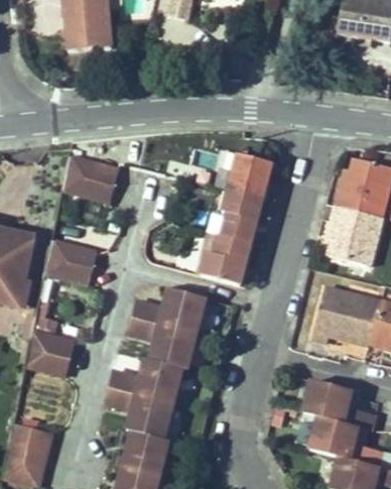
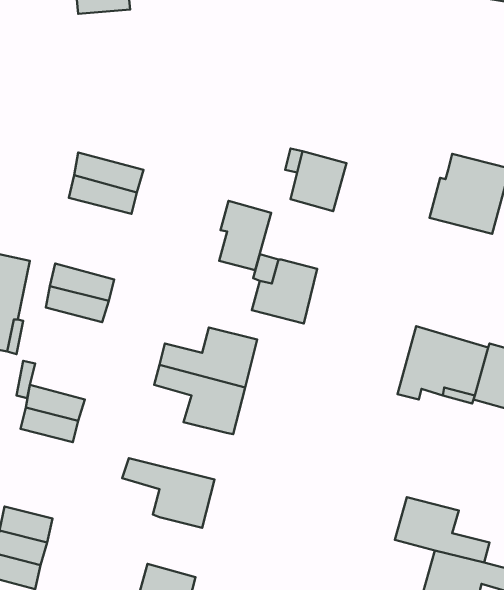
building: [223,191,262,243] -> [219,201,271,270]
building: [327,205,382,266] -> none
building: [108,357,181,402] -> none
building: [302,379,374,429] -> none
building: [122,431,167,476] -> none

